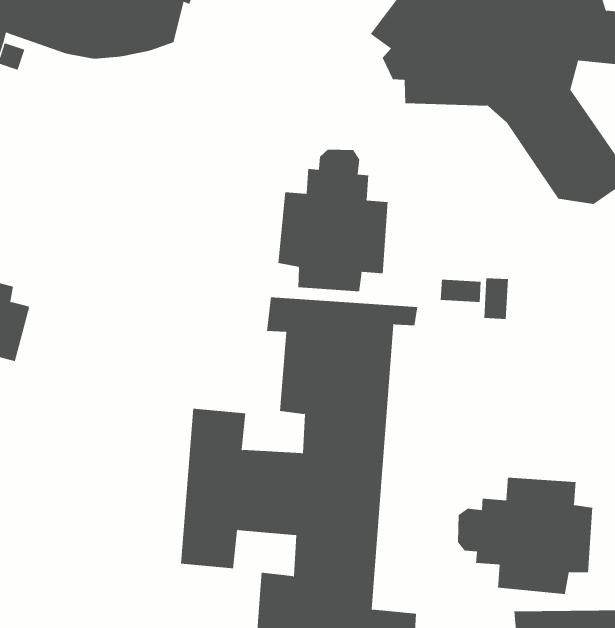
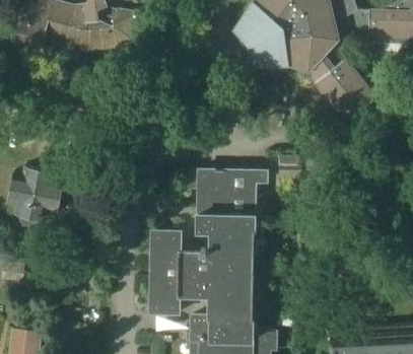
building: [278,149,388,292] -> none
building: [457,477,593,595] -> none

